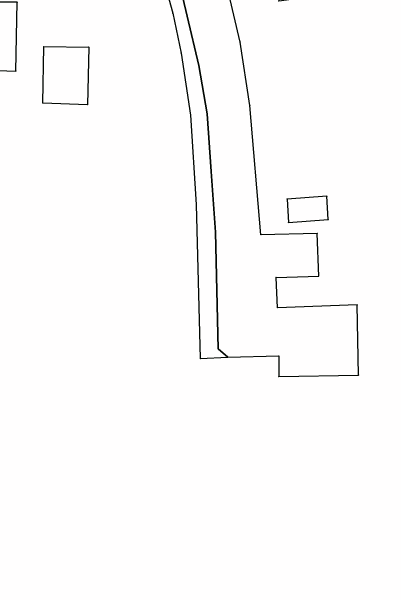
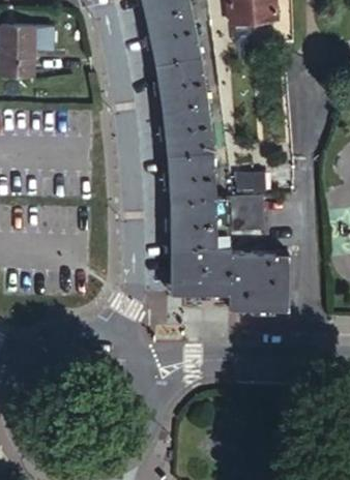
building: [43,47,89,105] -> none

